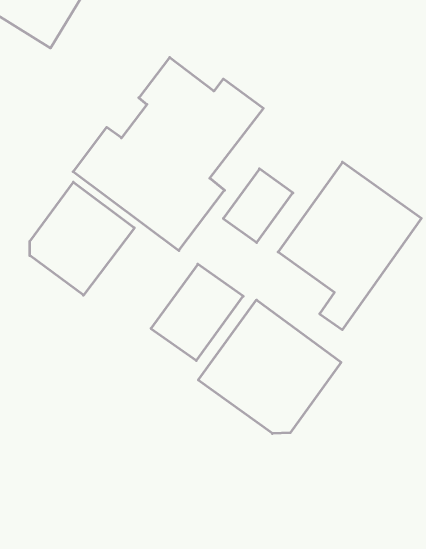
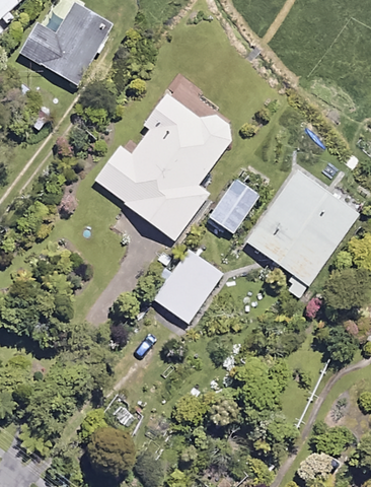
building: [30,182,134,295] -> none
building: [198,300,341,434] -> none

